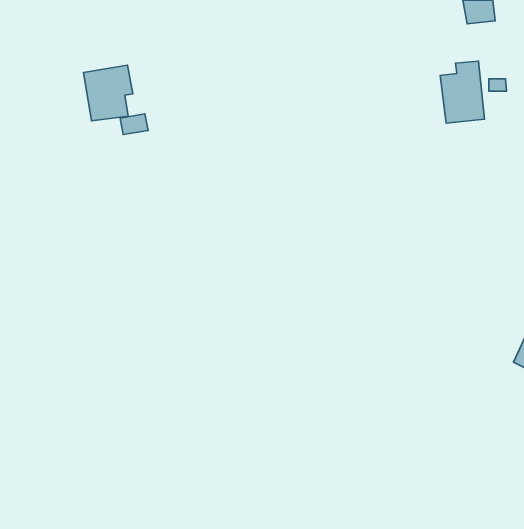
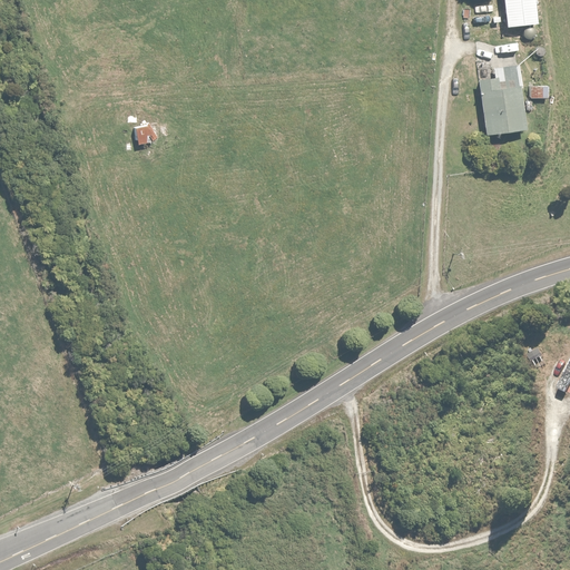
building: [84,65,133,121] -> none

